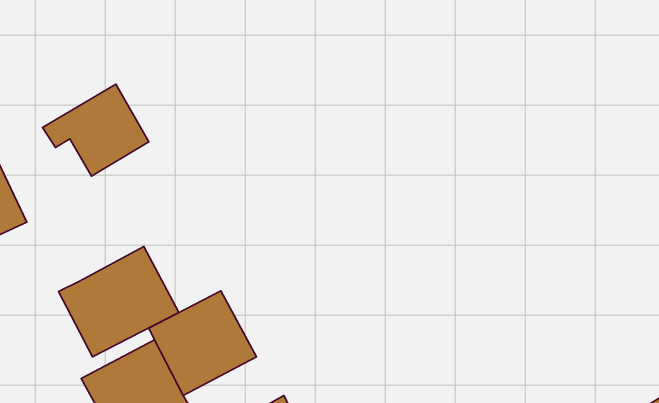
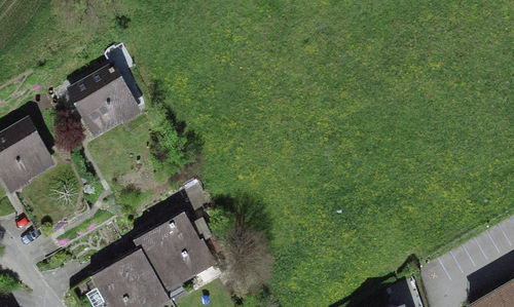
building: [59,246,179,357] -> none

